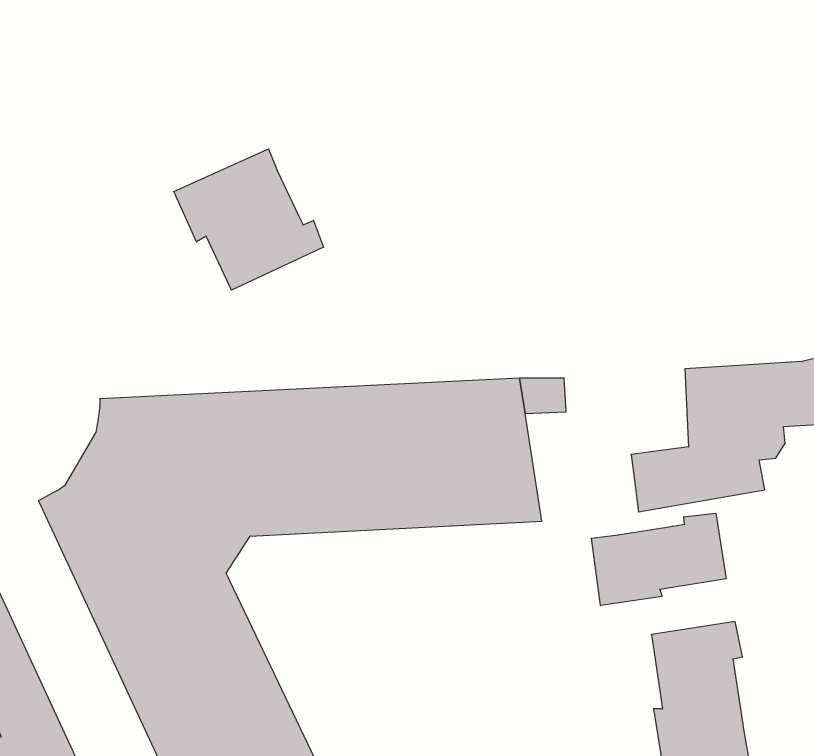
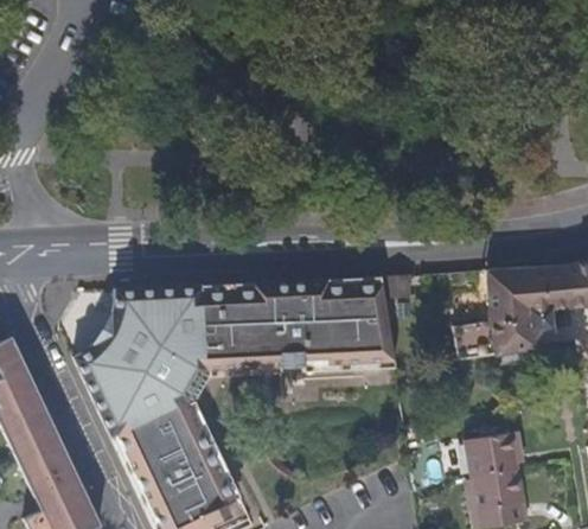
building: [174,149,324,290] -> none
building: [591,513,726,606] -> none

